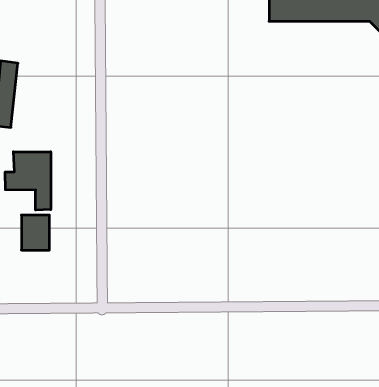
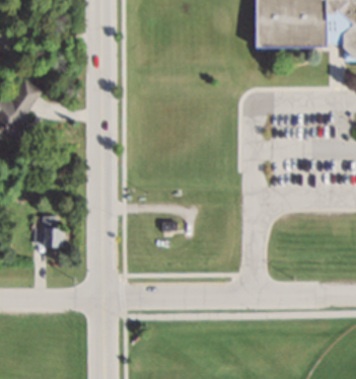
building: [5,152,51,210] -> none

